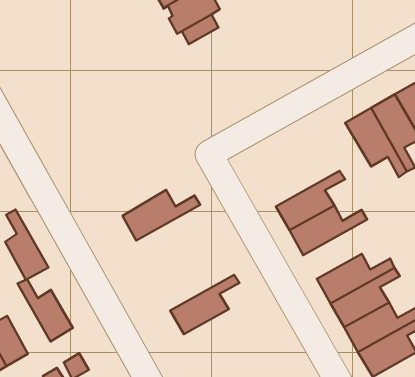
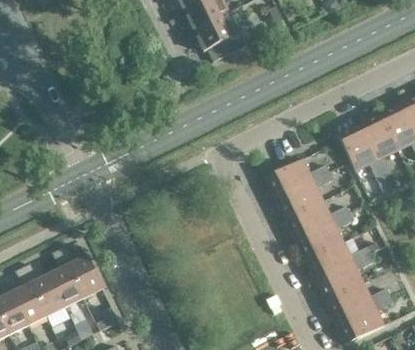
building: [122,190,200,241] -> [266,156,331,196]
building: [5,209,48,280] -> [50,246,84,305]
building: [170,275,240,334] -> [296,211,355,257]

